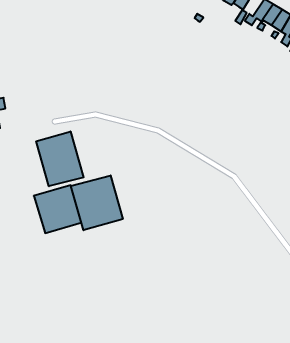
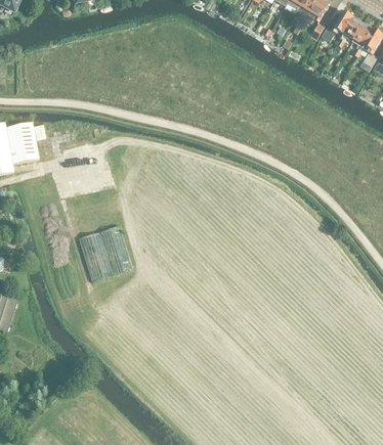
building: [36,131,84,186] -> none
building: [71,175,123,230] -> none

